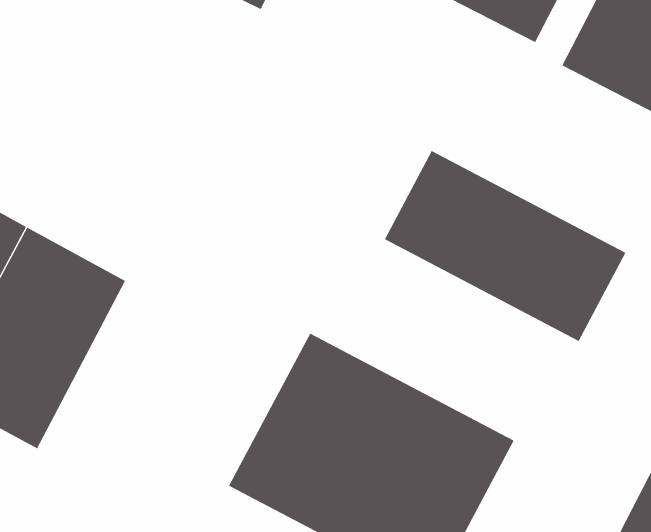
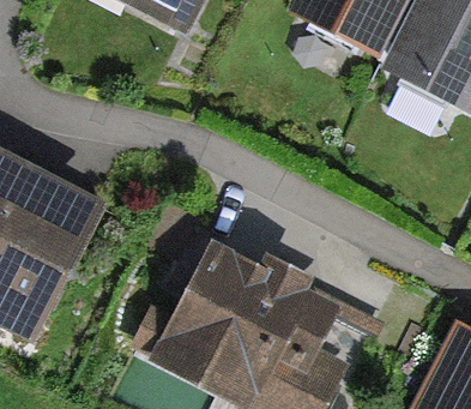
building: [384,150,626,342] -> none

